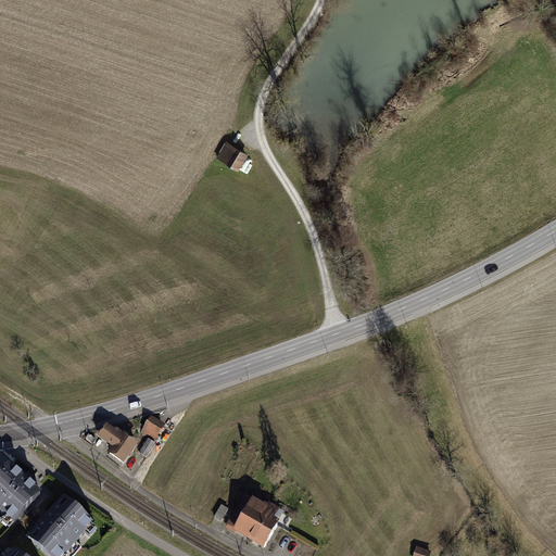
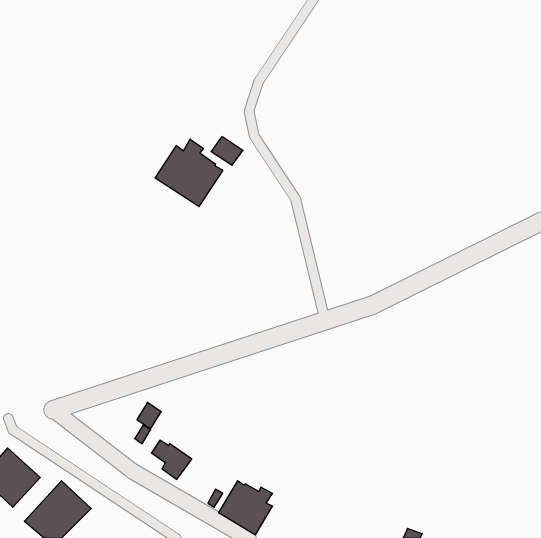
building: none -> [155,139,223,207]
building: [97,421,138,462] -> [151,440,192,479]

